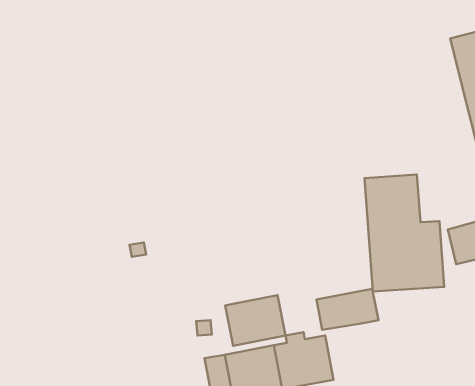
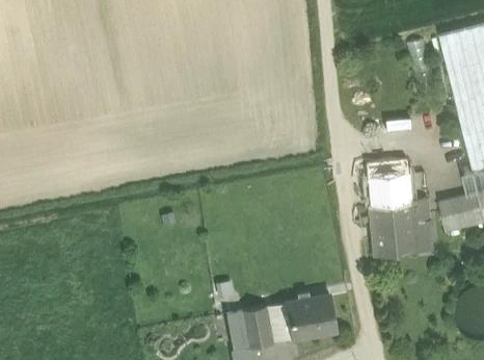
building: [316,289,378,330] -> none
building: [225,295,286,346] -> none

